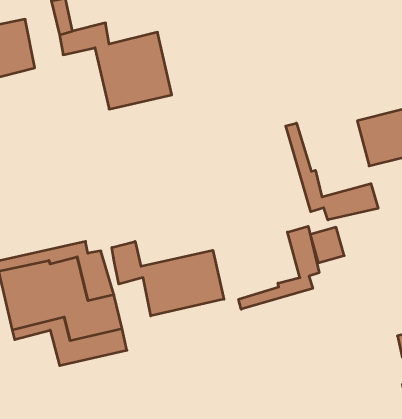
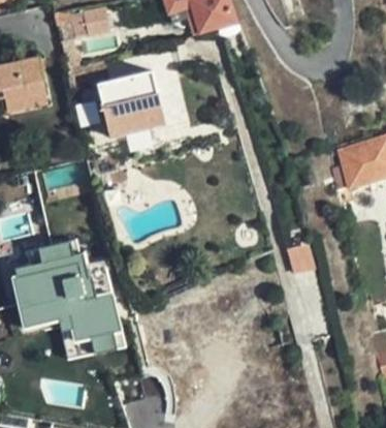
building: [286,123,378,220] -> none
building: [239,226,319,309] -> none
building: [112,241,224,316] -> none

